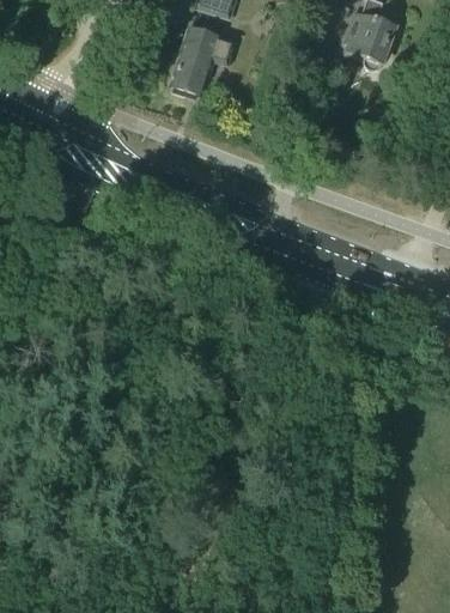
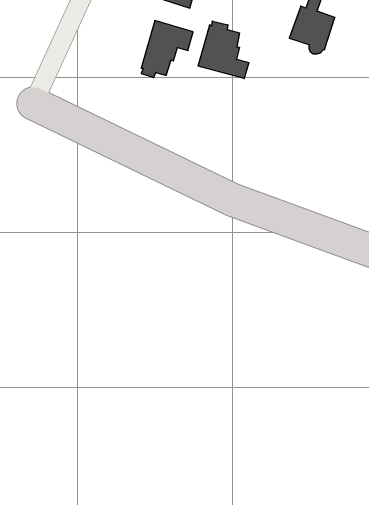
building: none -> [198,21,249,79]

